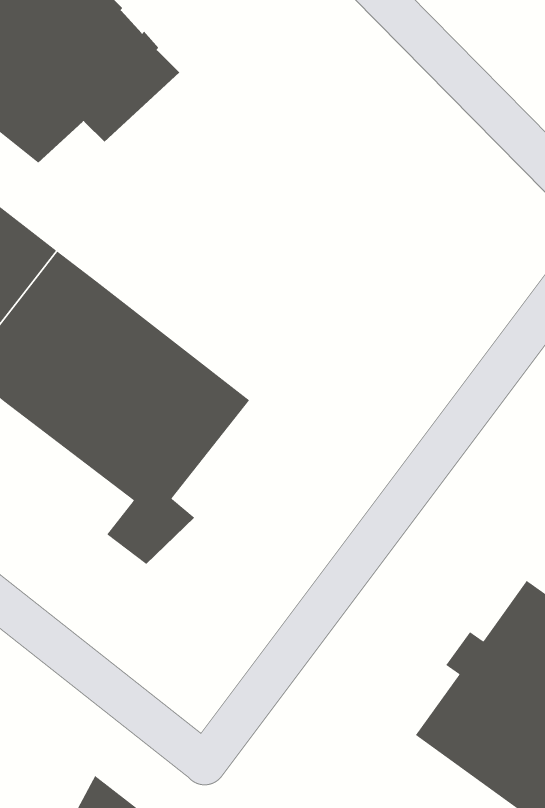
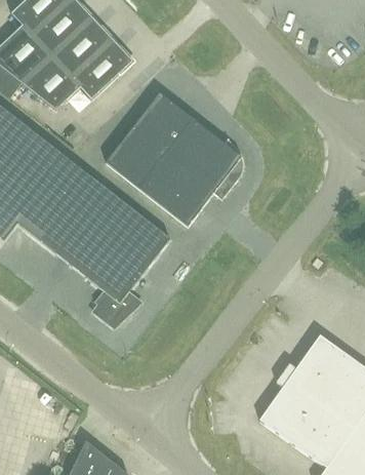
building: none -> [106,92,244,225]

